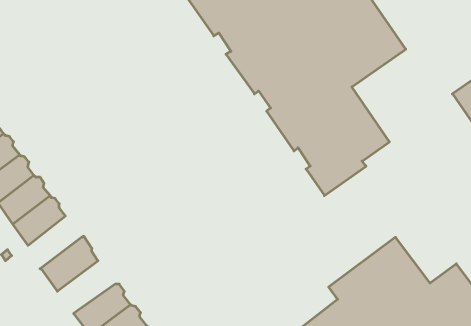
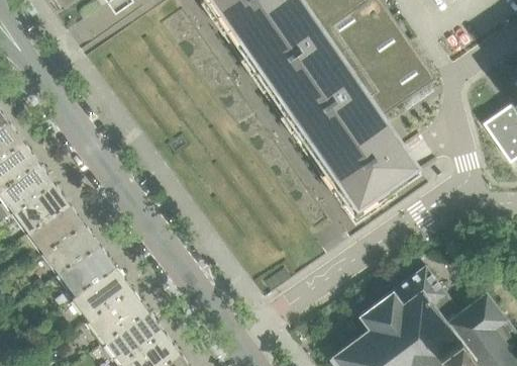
building: none -> [56,247,114,309]
building: none -> [90,291,147,344]

